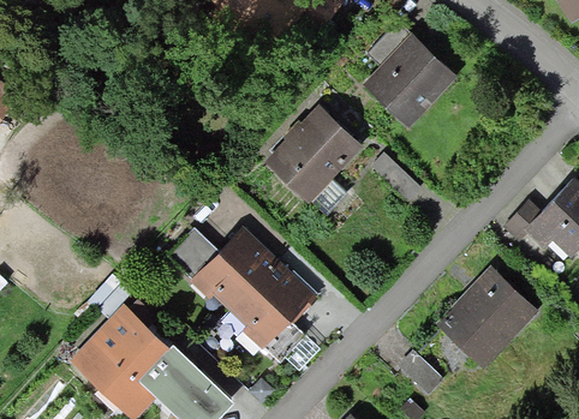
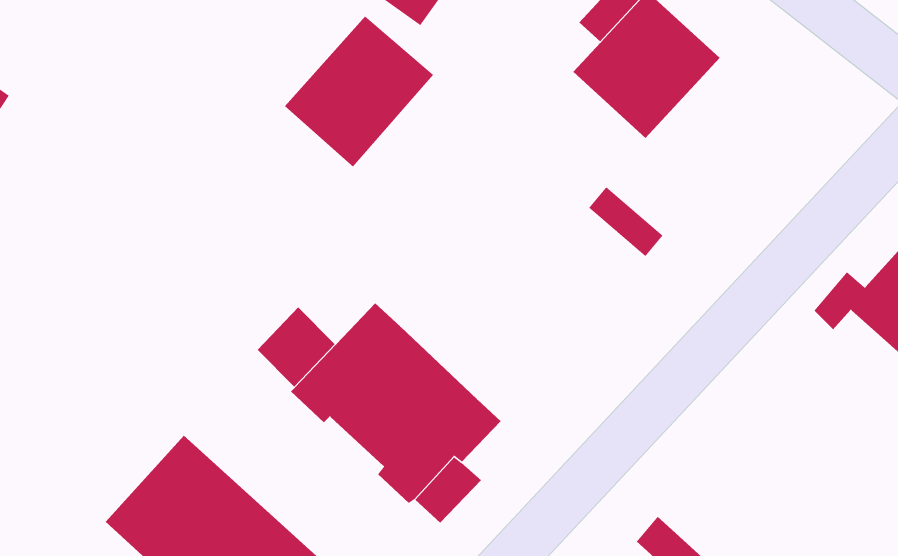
building: [267,107,358,199] -> [284,15,434,167]
building: [438,270,532,364] -> none

